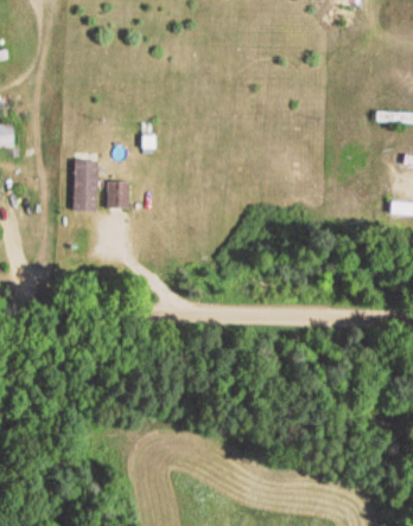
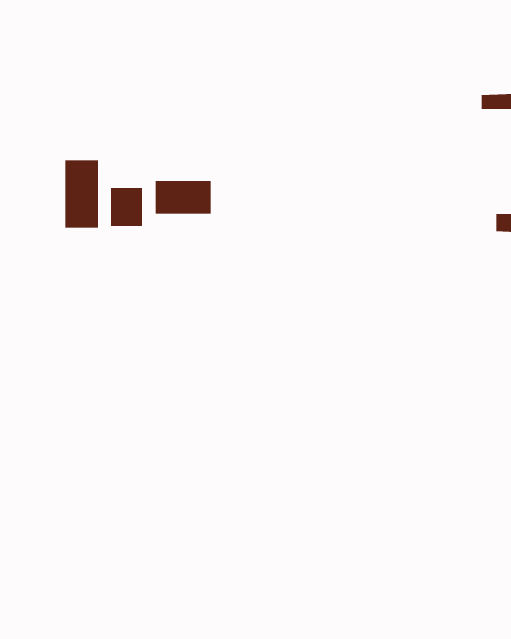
building: none -> [155,180,211,215]

